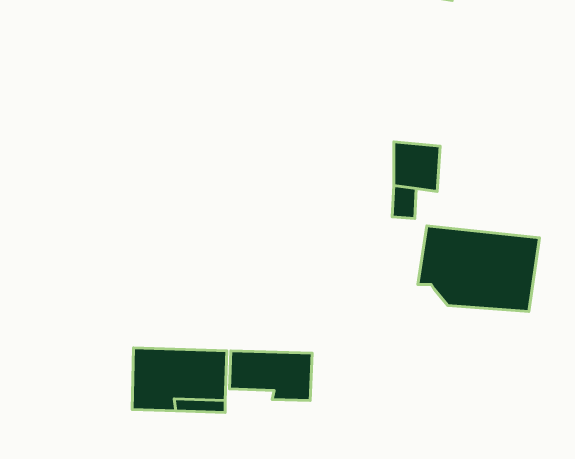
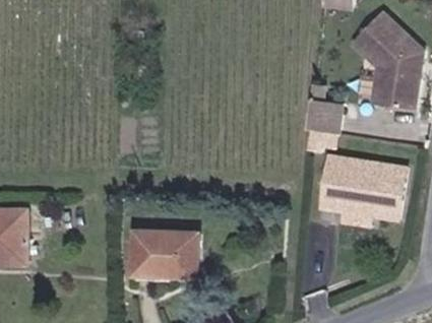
building: none -> [352,9,423,108]
building: [230,351,312,401] -> none

